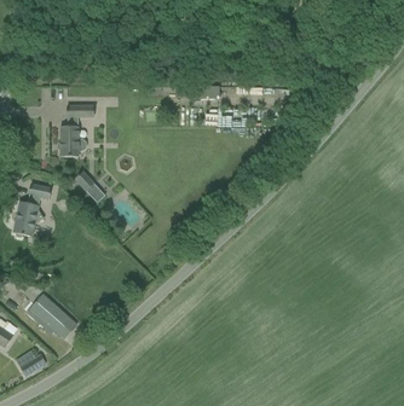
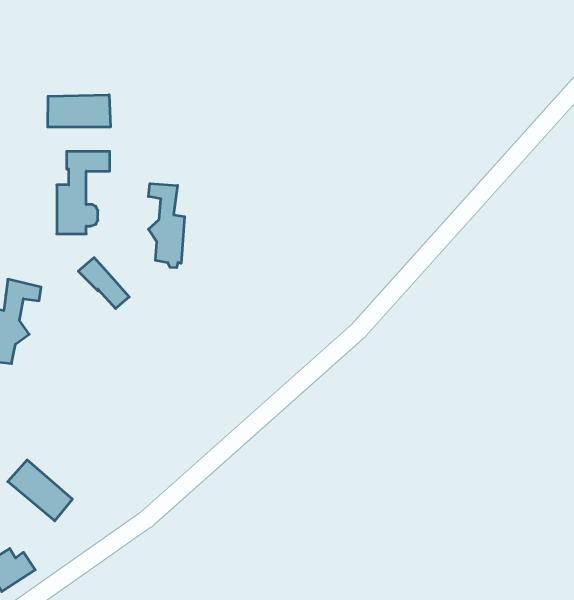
building: none -> [48,95,110,127]
building: none -> [148,184,185,268]

